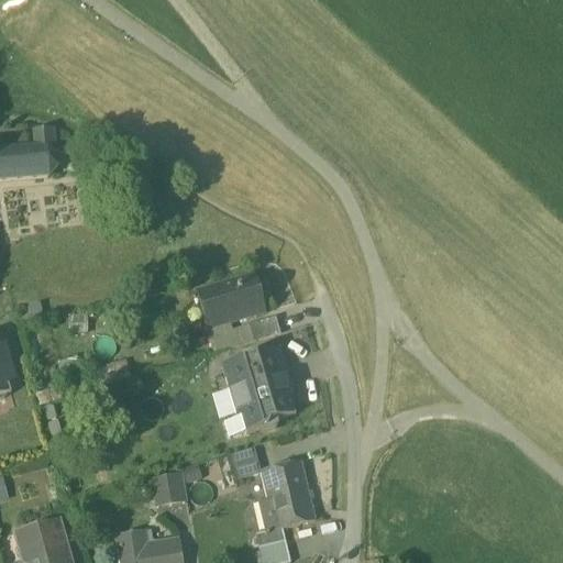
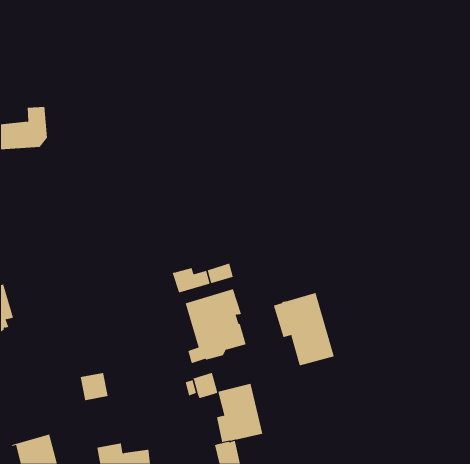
building: [199,273,261,325] -> none
building: none -> [273,292,334,366]
building: [151,472,185,506] -> [80,372,108,401]

